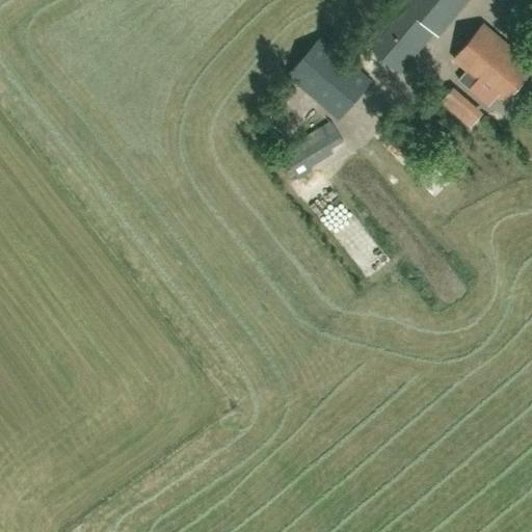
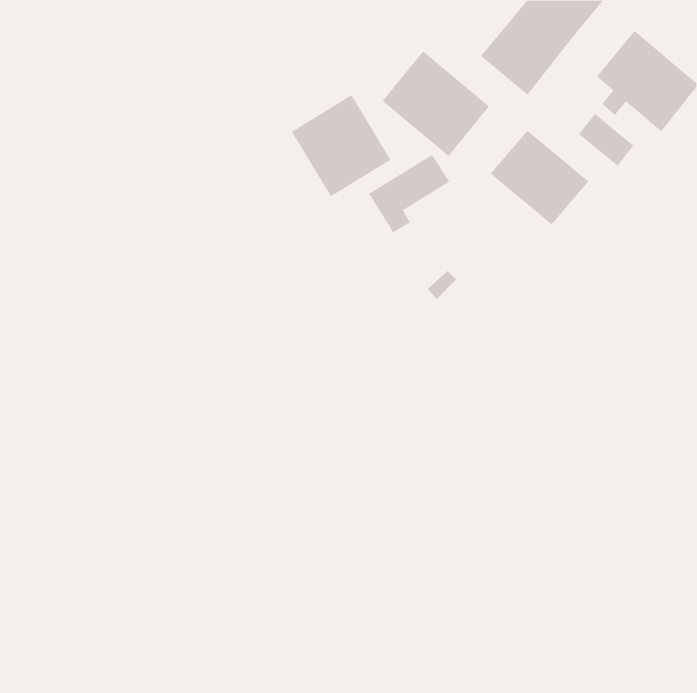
building: none -> [291,94,391,197]
building: none -> [490,130,589,225]

